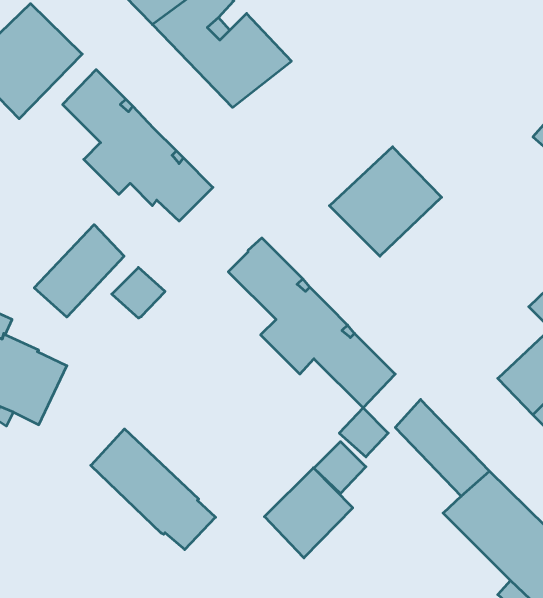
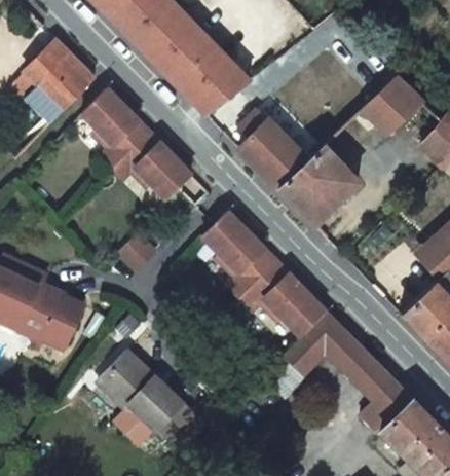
building: none -> [361,76,424,136]
building: none -> [239,110,306,188]
building: [34,225,124,317] -> none
building: none -> [302,312,344,355]
building: none -> [99,378,154,443]
building: [264,468,353,558] -> none

